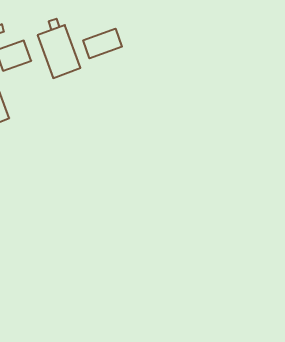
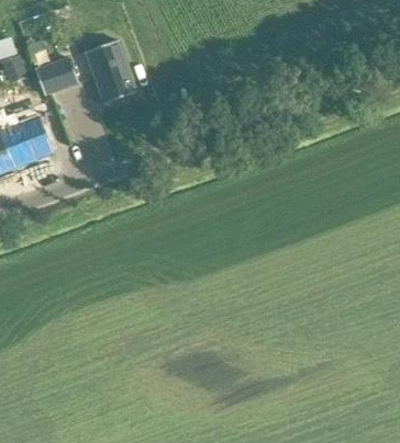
building: [83,29,122,58] -> none

